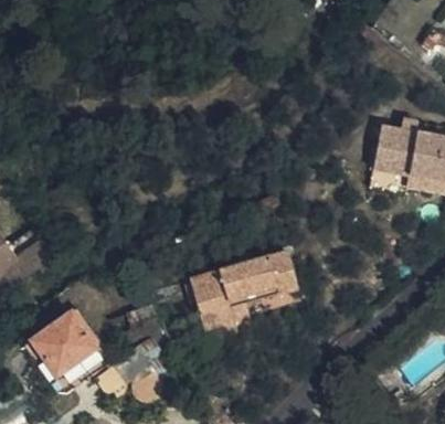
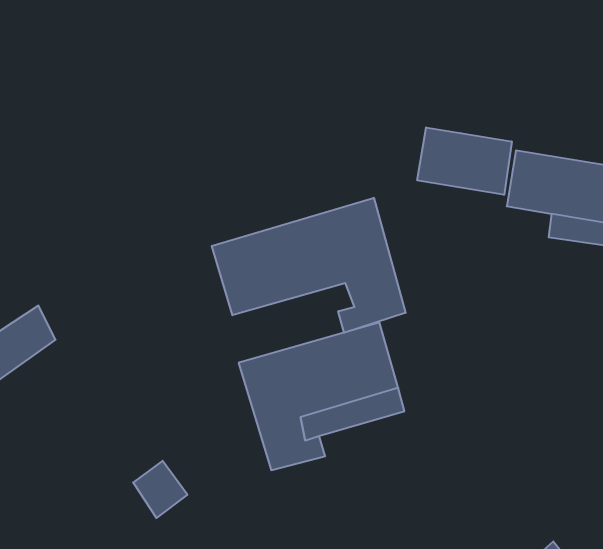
building: none -> [417,127,512,195]
building: none -> [212,198,406,333]
building: [32,314,100,383] -> none

